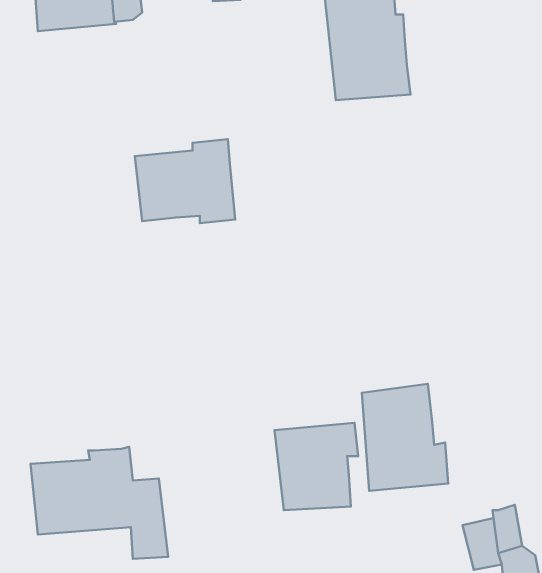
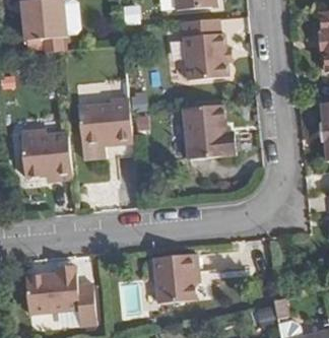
building: none -> [182,105,235,159]
building: none -> [20,129,72,180]
building: [362,384,448,491] -> none

